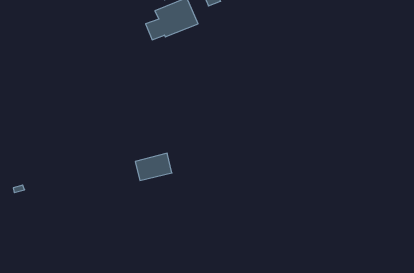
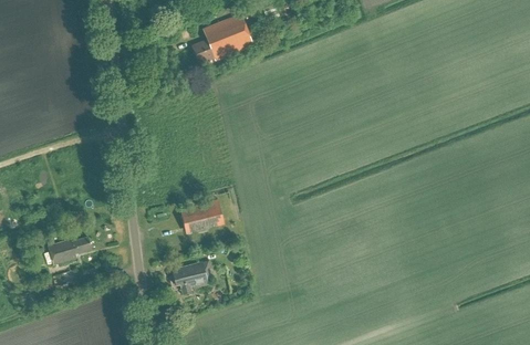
building: none -> [48,237,91,264]
building: none -> [172,262,208,295]

